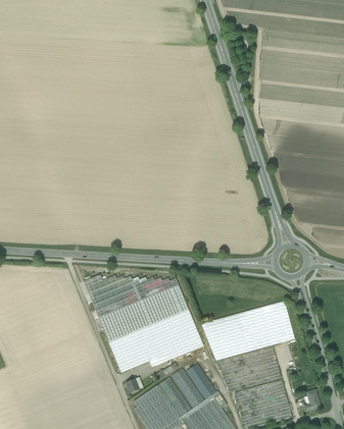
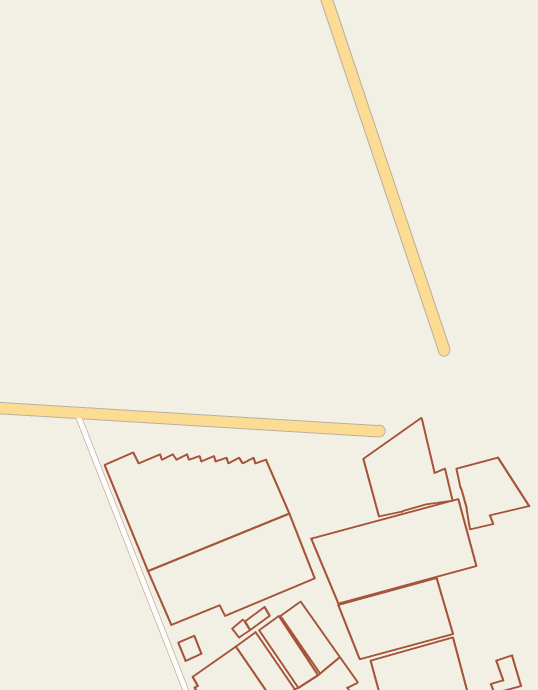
building: none -> [363,418,452,517]
building: none -> [457,457,529,529]

